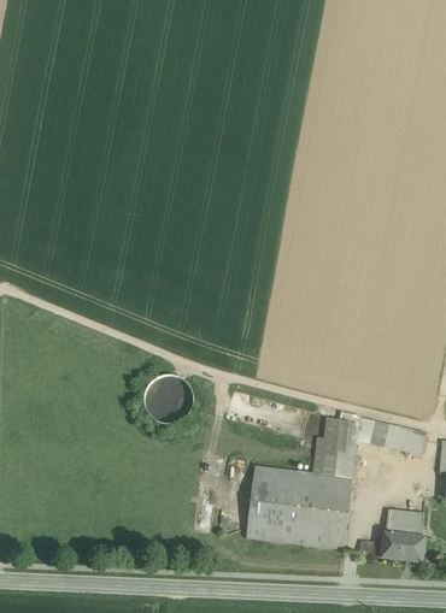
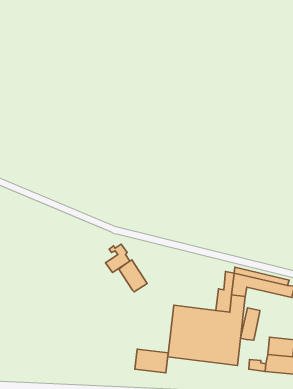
building: none -> [119,260,147,292]
building: none -> [241,308,260,340]
building: none -> [135,349,168,373]

